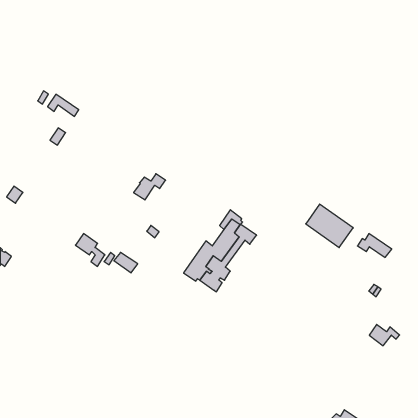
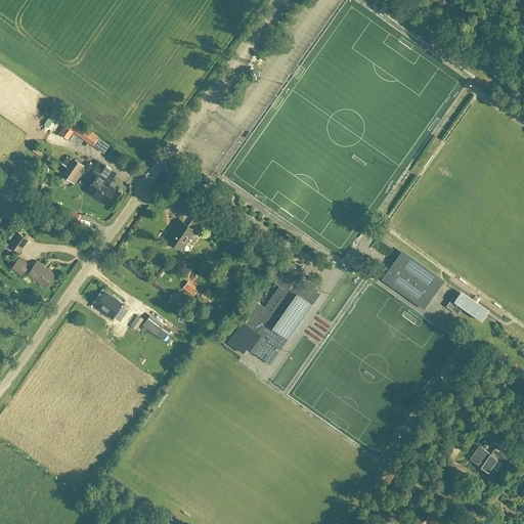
building: none -> [87,165,118,206]
building: none -> [13,259,56,290]
building: [369,324,400,346] -> [471,447,509,474]

